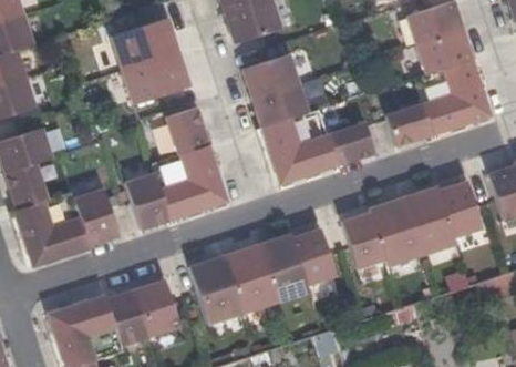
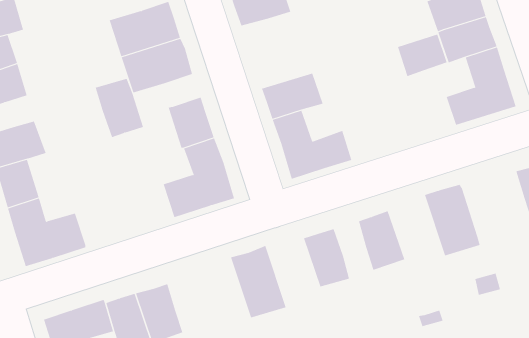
building: [244,54,300,99] -> none
building: [385,106,432,146] -> [397,34,448,77]
building: [328,125,374,165] -> none
building: [126,173,172,228] -> [95,78,144,138]
building: [438,182,481,236] -> none
building: [75,190,121,244] -> none
building: [369,197,422,264] -> none
building: [257,233,309,302] -> none
building: [192,255,242,323] -> none

